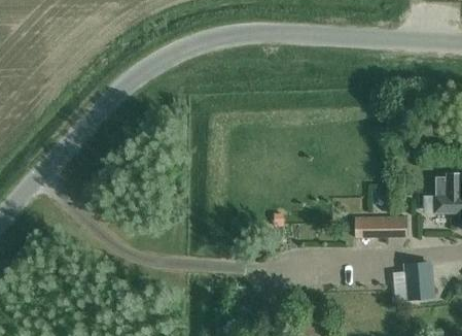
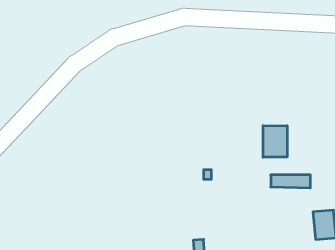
building: none -> [263,126,287,157]

